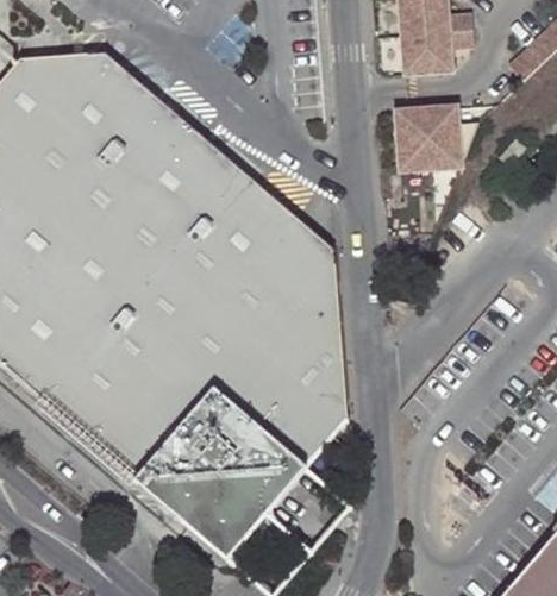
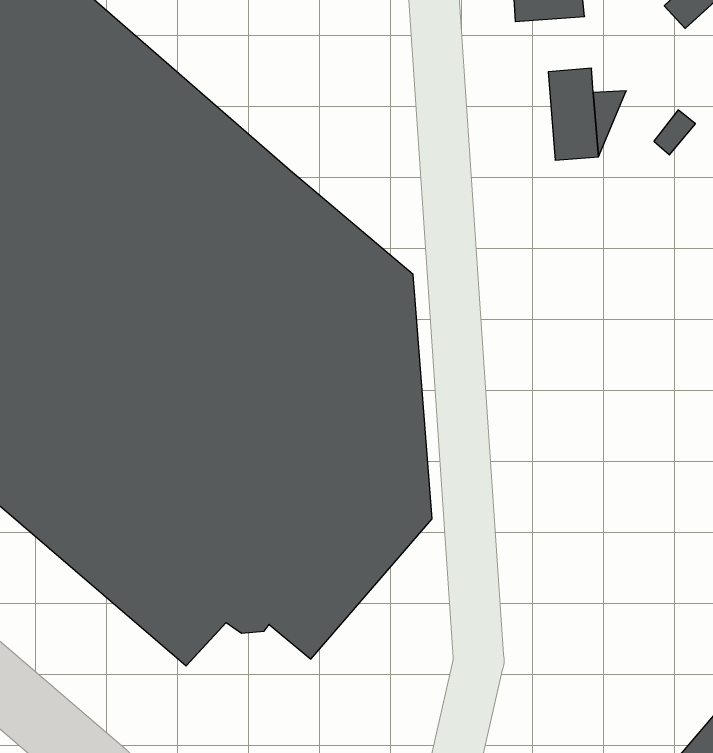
building: [396,108,431,171] -> none
building: [177,487,263,557] -> none

